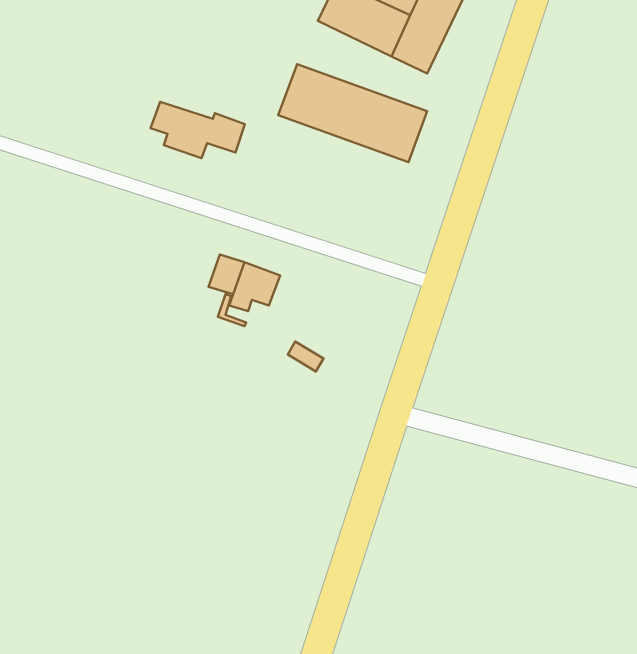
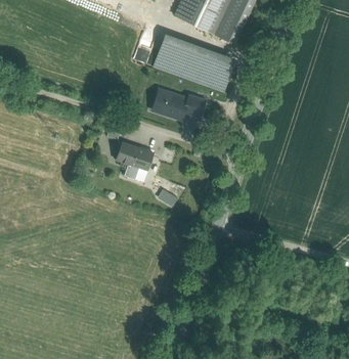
building: [151,102,245,158] -> [154,88,205,119]

